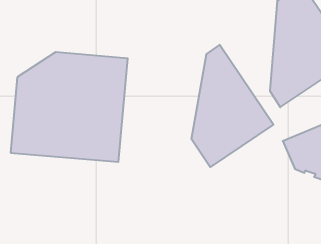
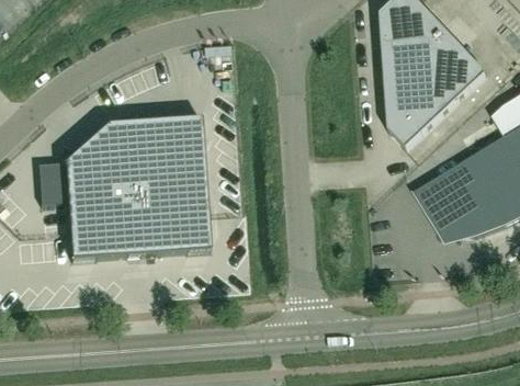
building: [192,45,273,167] -> none

